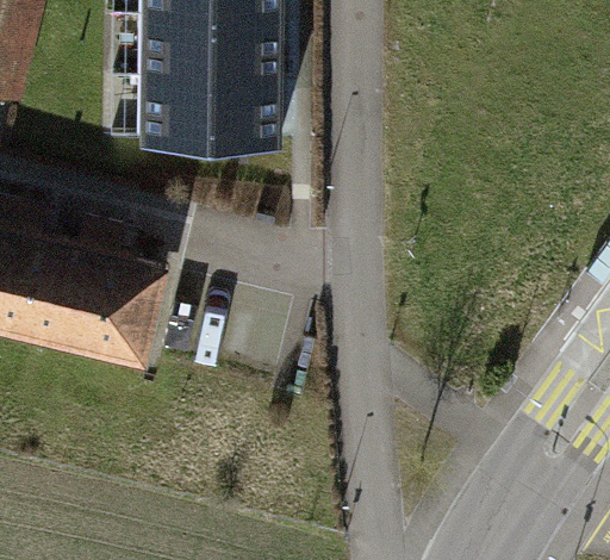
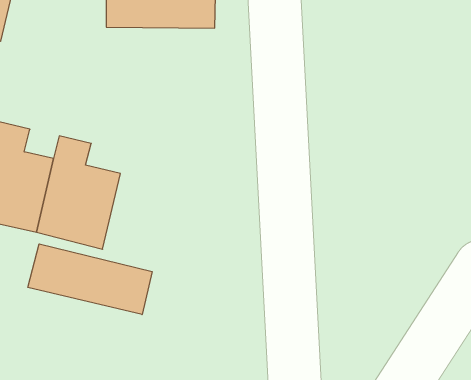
building: [139,83,278,148] -> none
building: none -> [28,244,152,315]

